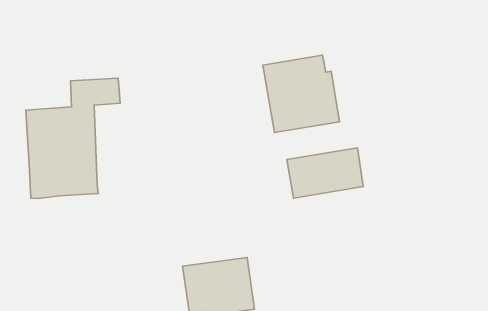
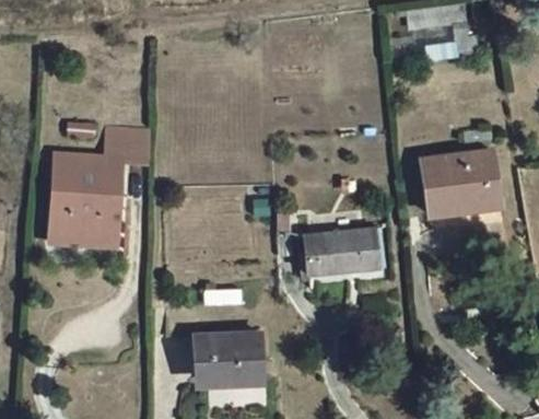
building: [263,55,339,133] -> none
building: none -> [426,154,501,214]

